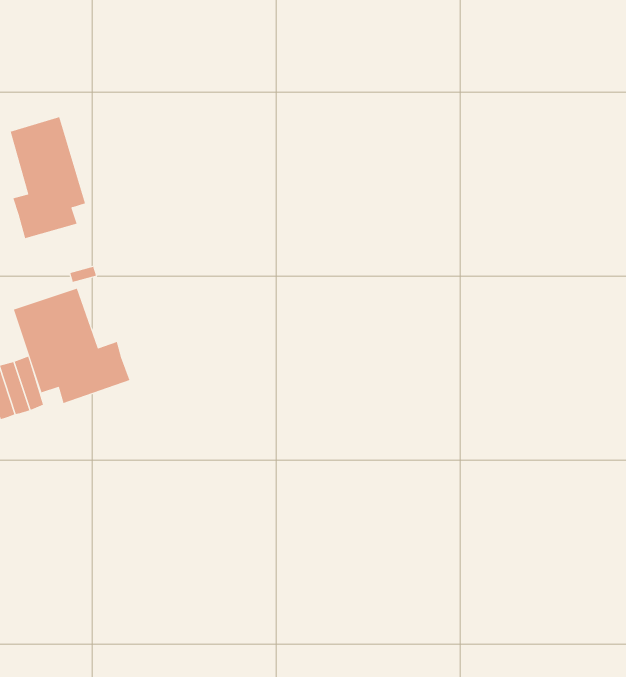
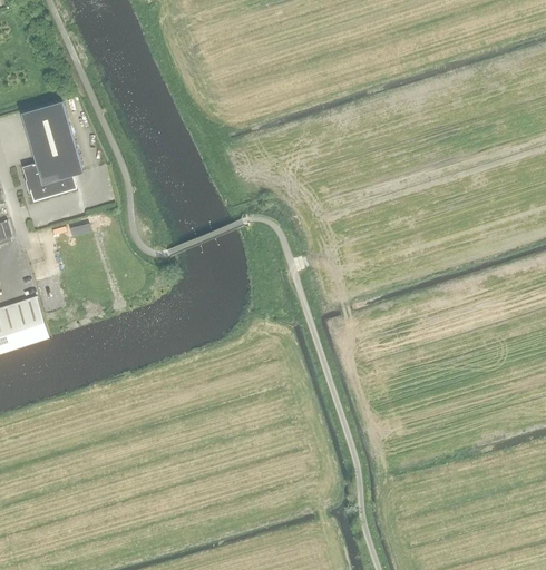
building: [13,288,130,404] -> none

